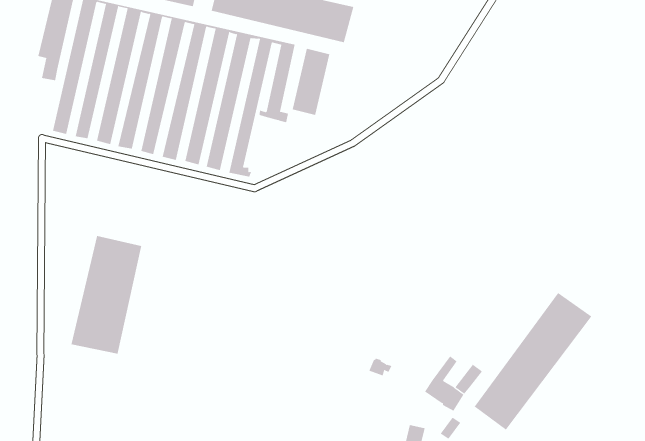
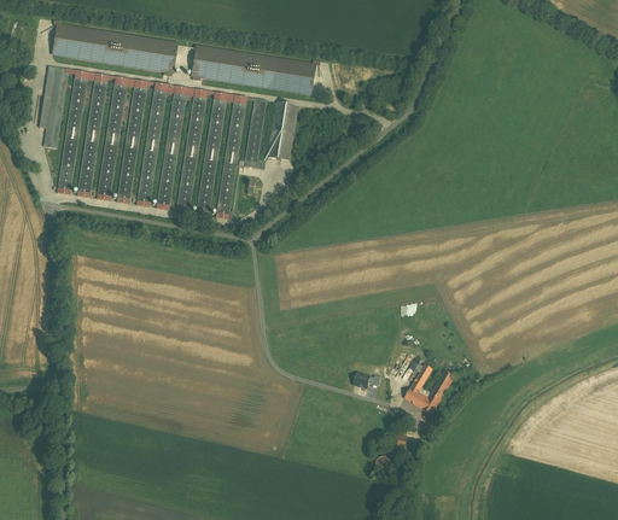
building: [71,235,142,354] -> none
building: [474,292,592,431] -> none

